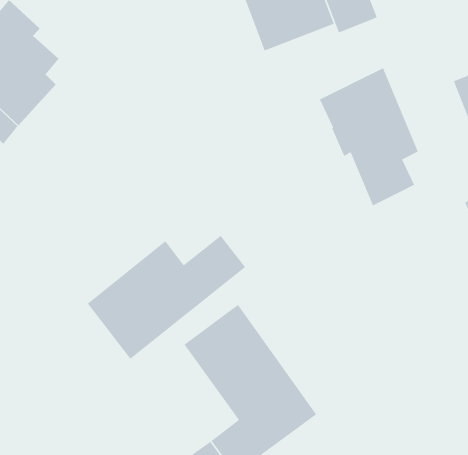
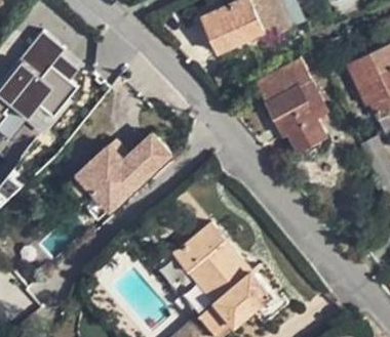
building: [87,235,246,360] -> [66,131,171,219]

